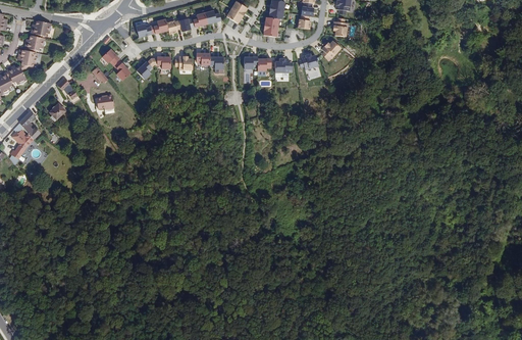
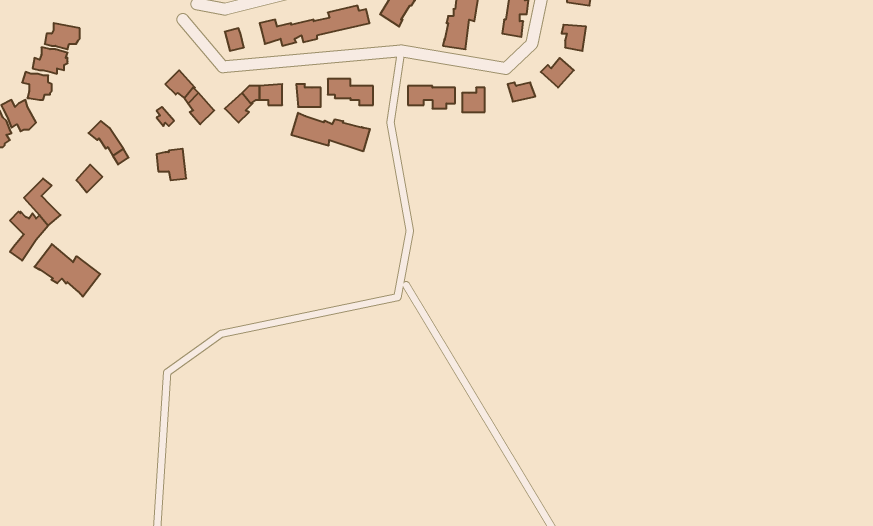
building: none -> [291,113,370,151]
building: none -> [34,244,100,297]

